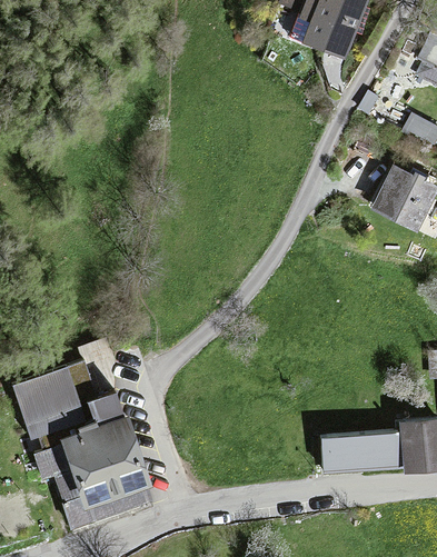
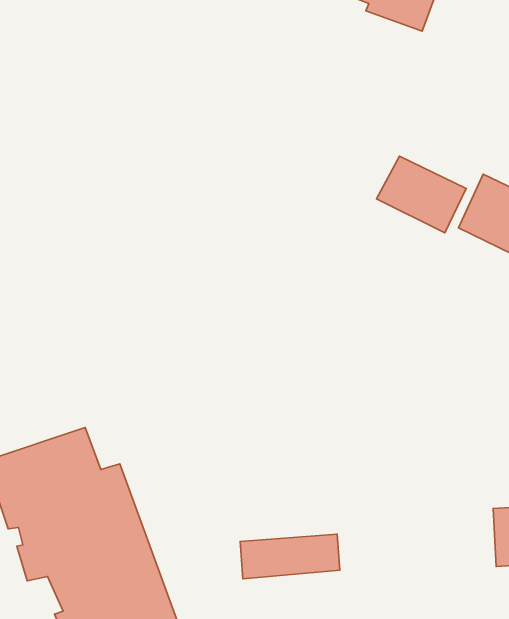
building: none -> [377,156,466,233]
building: [320,435,397,469] -> [240,534,340,579]

